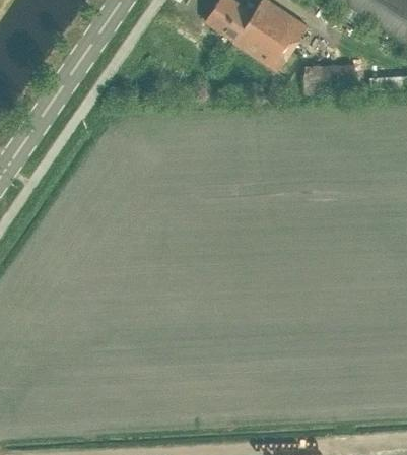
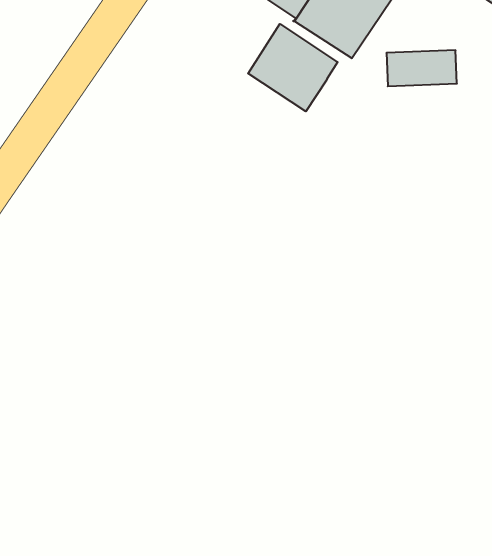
building: none -> [248,24,338,111]

